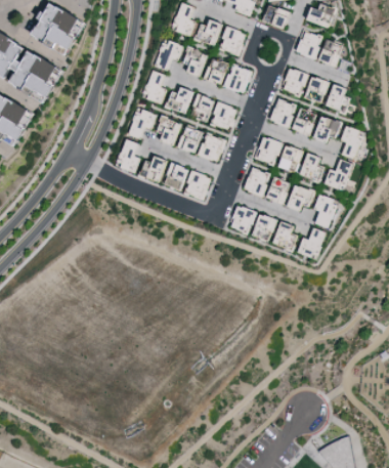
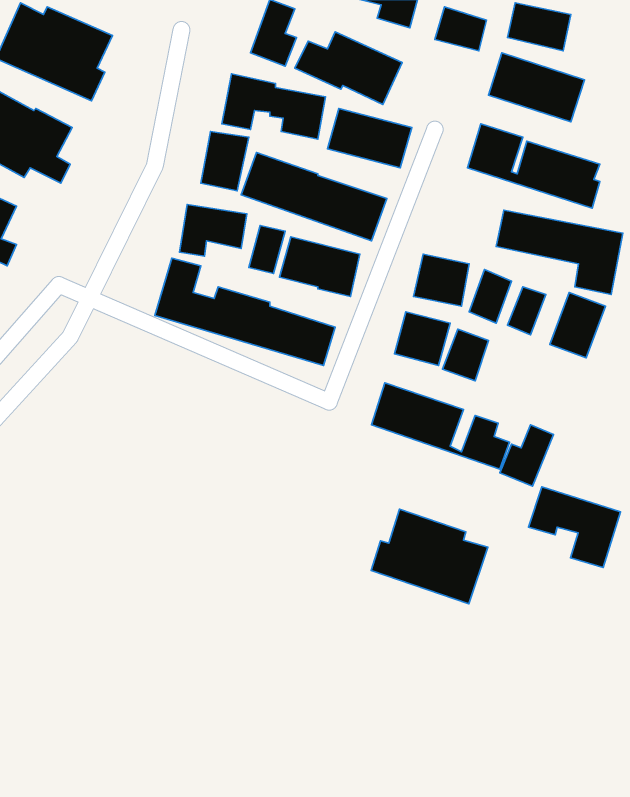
building: [264,99,294,128] -> none
building: [289,186,338,229] -> [528,487,621,567]
building: none -> [371,509,488,604]

